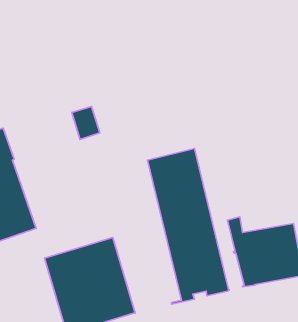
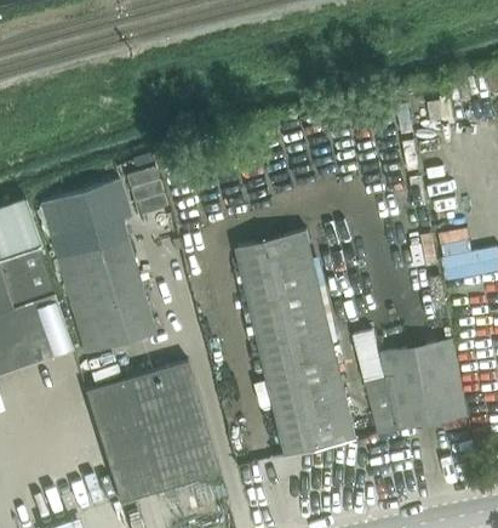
building: none -> [41,181,154,356]

